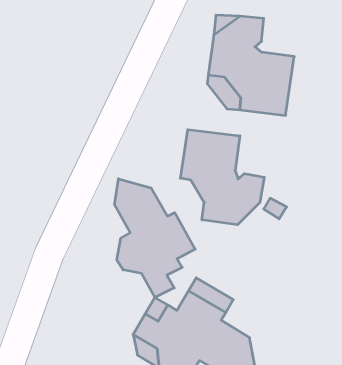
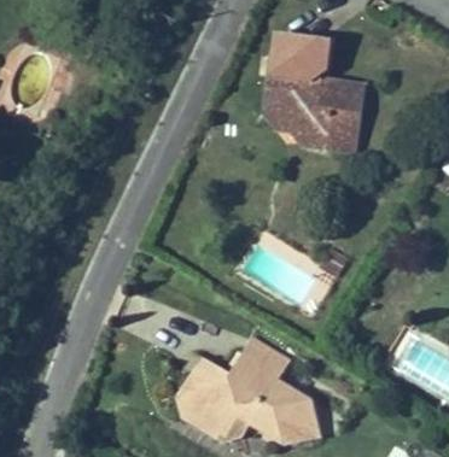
building: [180,130,264,225] -> none
building: [115,179,195,297] -> none

